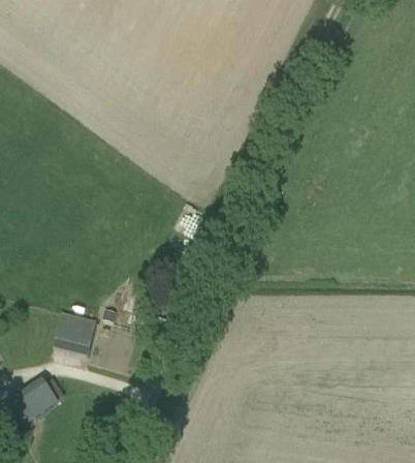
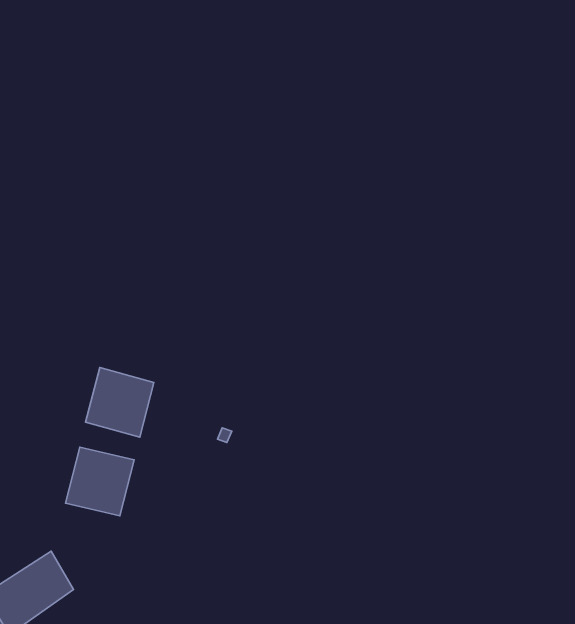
building: none -> [86,367,154,437]

